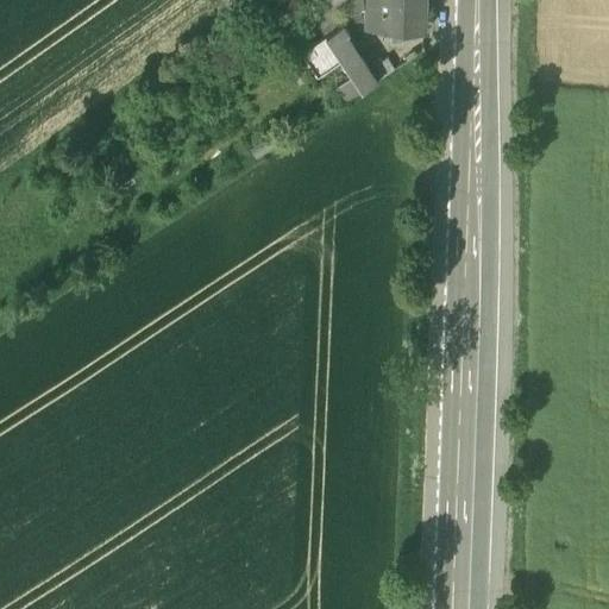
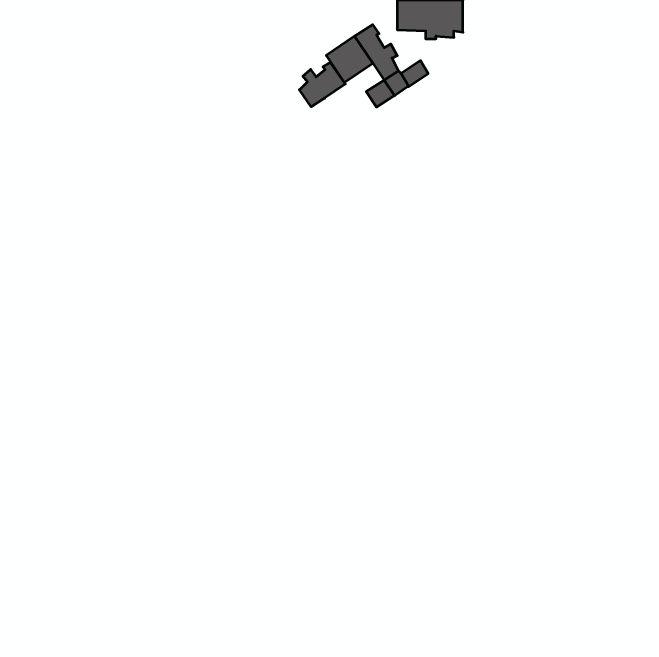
building: none -> [299,62,345,107]

